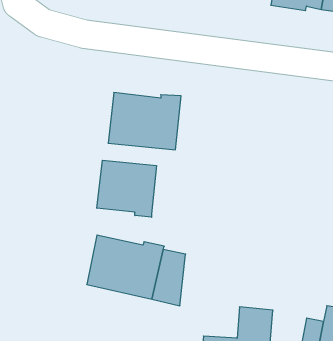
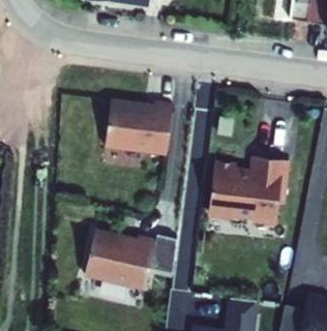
building: none -> [212,153,292,220]
building: [97,160,156,217] -> none

